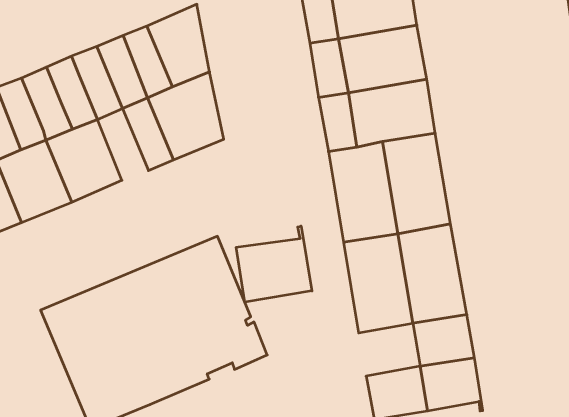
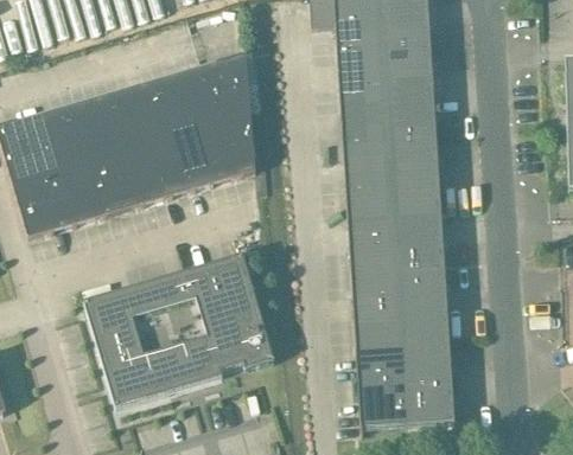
building: none -> [151,135,190,197]
building: [236,226,312,302] -> none
building: none -> [356,346,406,387]

